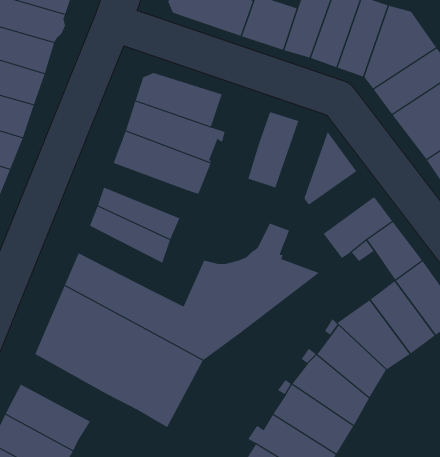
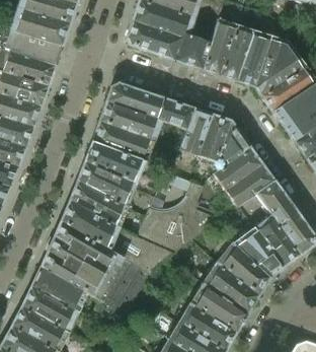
building: none -> [156,96,193,128]
building: none -> [197,114,231,163]
building: none -> [86,141,142,177]
building: none -> [216,146,261,187]
building: none -> [70,182,125,223]
building: none -> [32,265,87,308]

